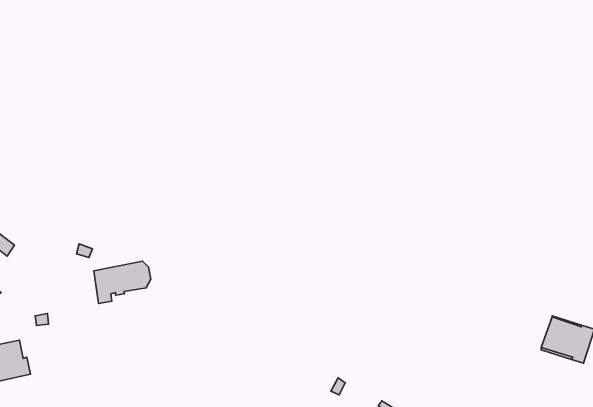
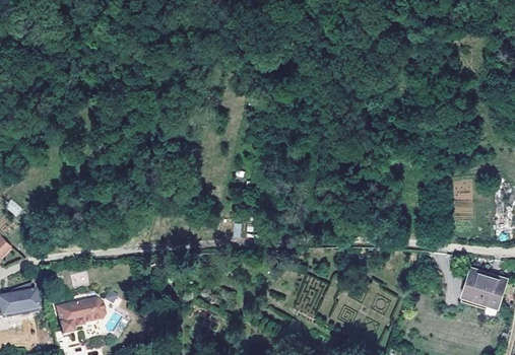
building: [94,261,151,304] -> [58,297,106,333]

